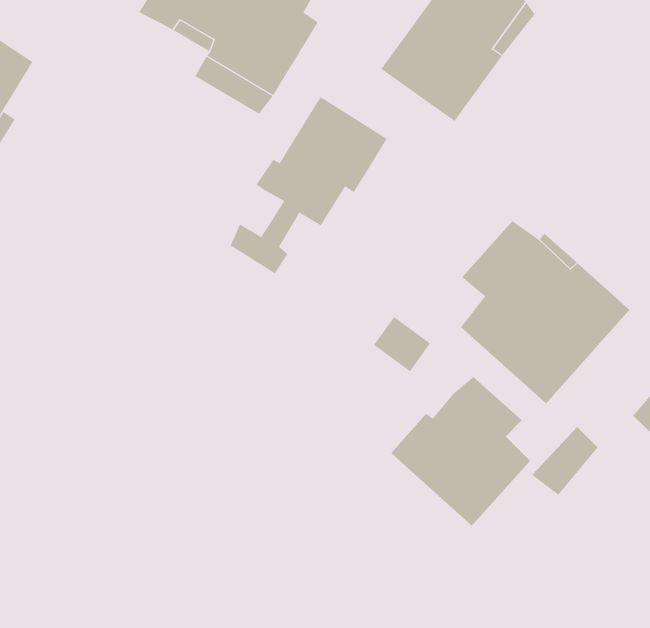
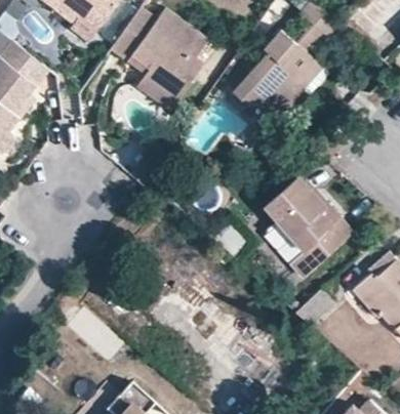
building: [230,96,387,274] -> none
building: [390,376,531,526] -> none

